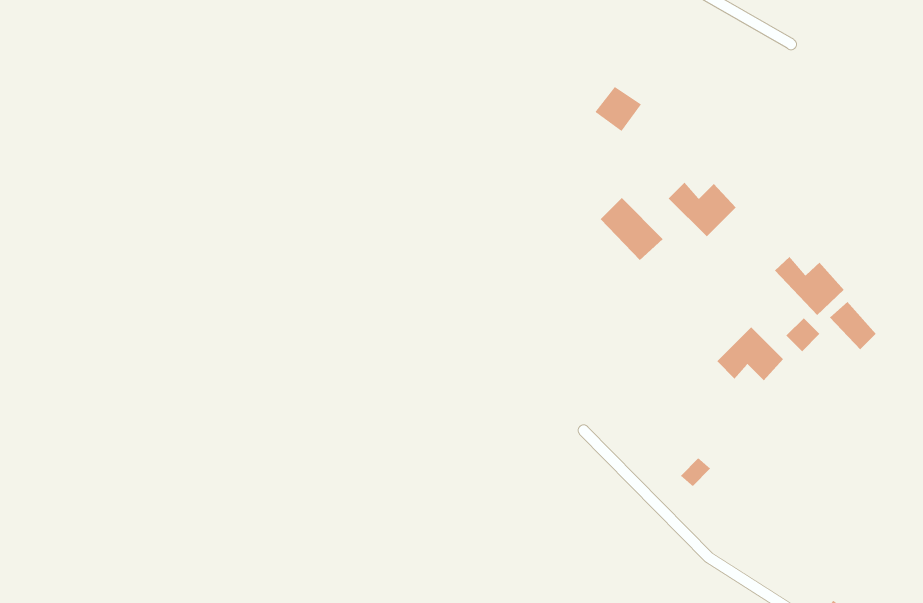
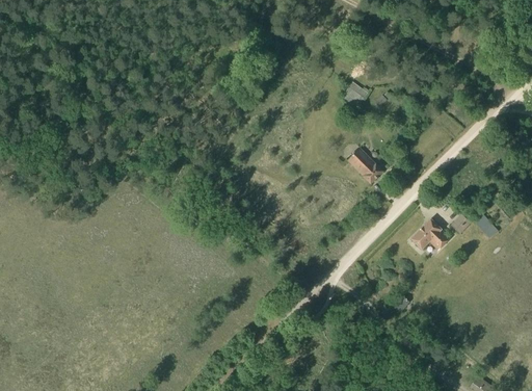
building: [668,182,736,237] -> none
building: [774,256,845,316] -> none

